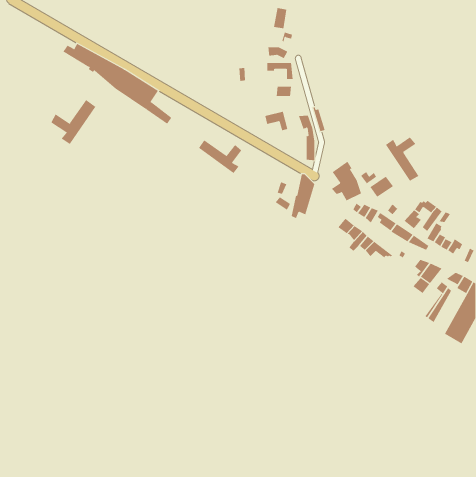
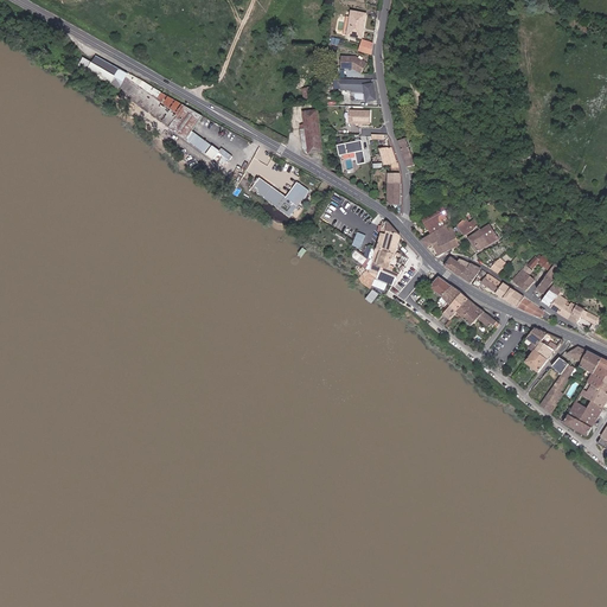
building: none -> [298,108,322,151]
building: [51,99,96,145] -> none
building: [385,136,419,182] -> none

